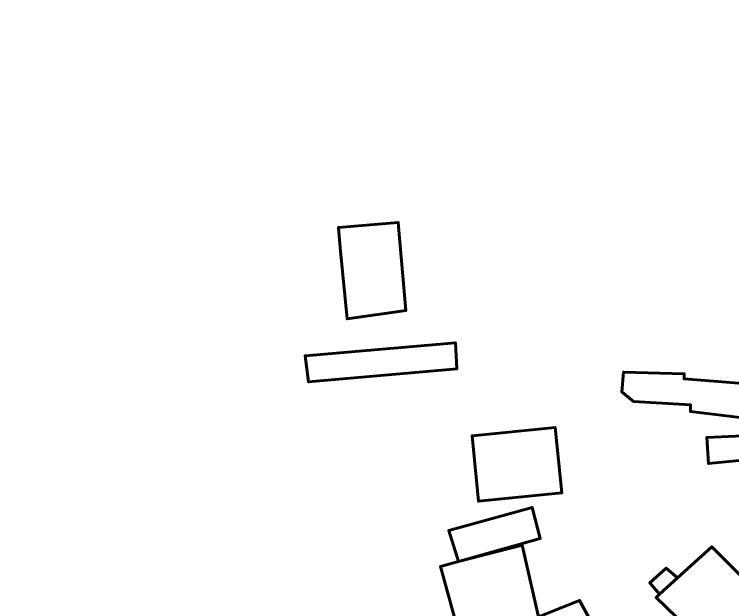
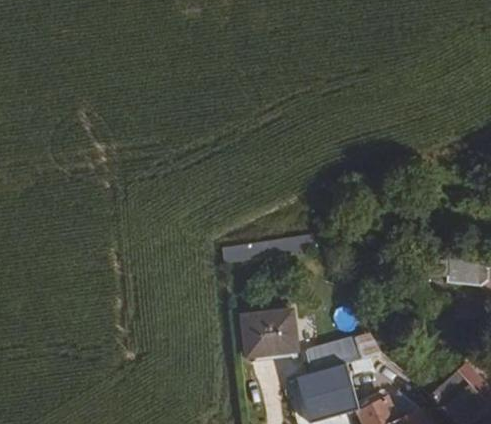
building: [339,223,406,319] -> none
building: [472,428,562,501] -> [243,307,298,352]

